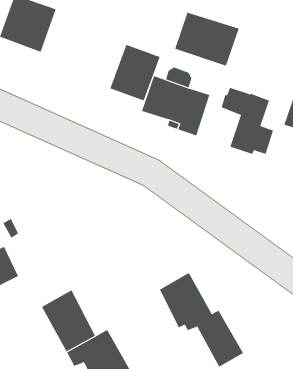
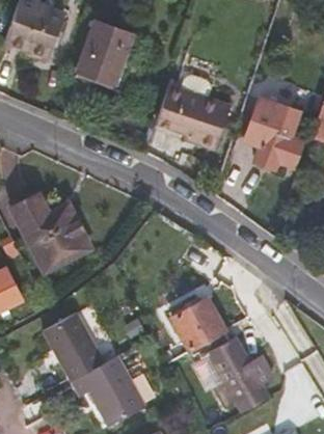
building: [175,12,240,67] -> none
building: [110,44,160,101] -> [75,21,130,82]
building: none -> [14,197,90,271]

